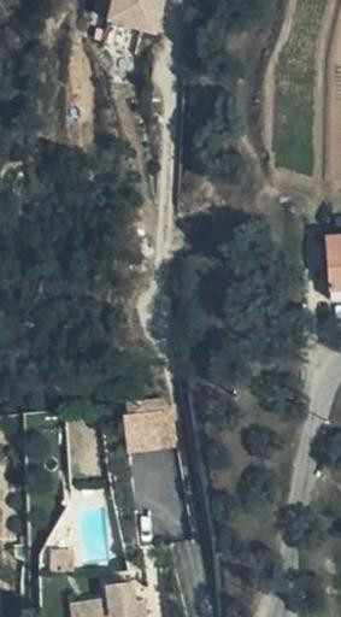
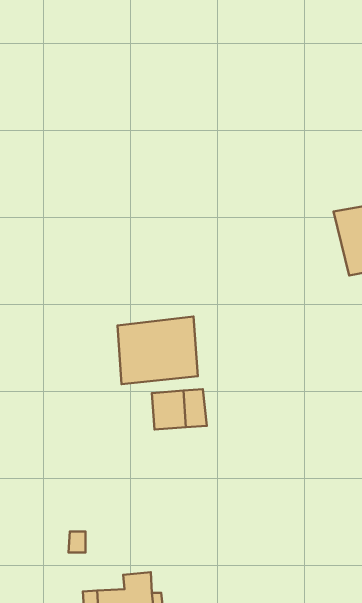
building: none -> [118,316,198,384]

